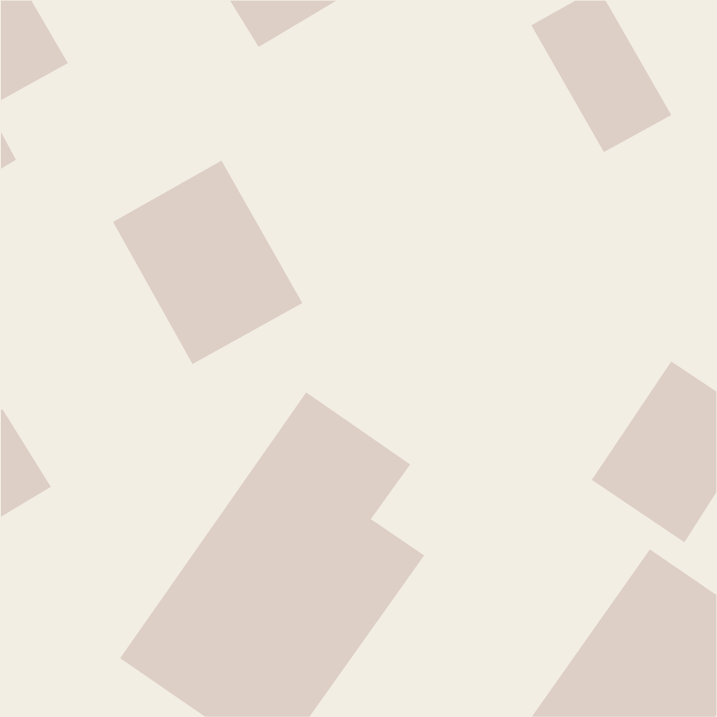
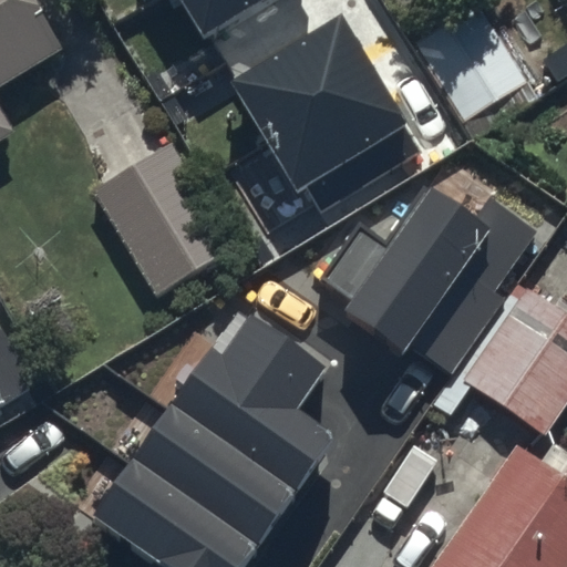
building: none -> [230,14,424,219]
building: none -> [324,187,548,374]

